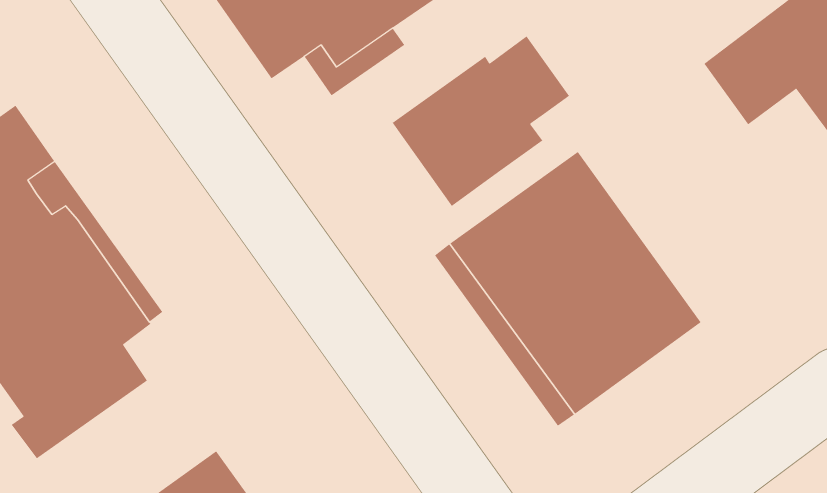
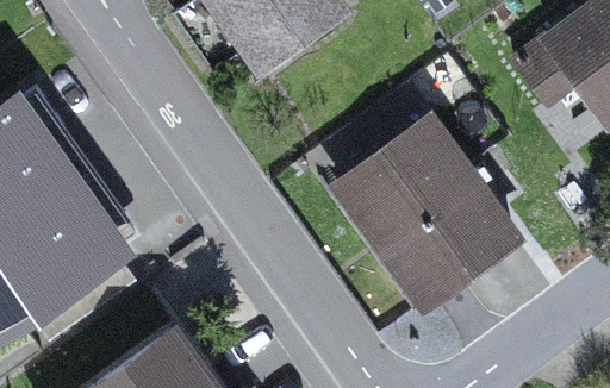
building: [392,35,570,207] -> none

